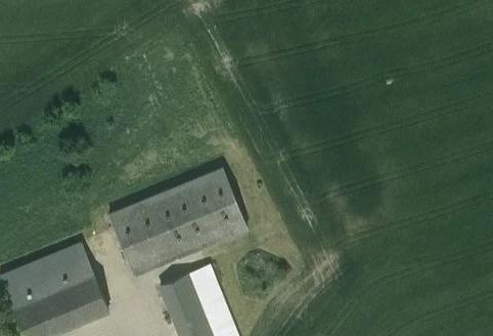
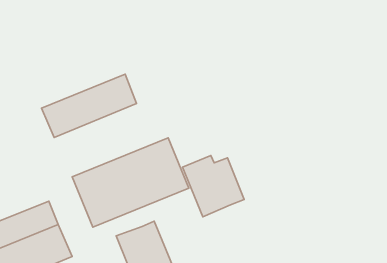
building: none -> [42,74,136,137]
building: none -> [183,155,244,217]

